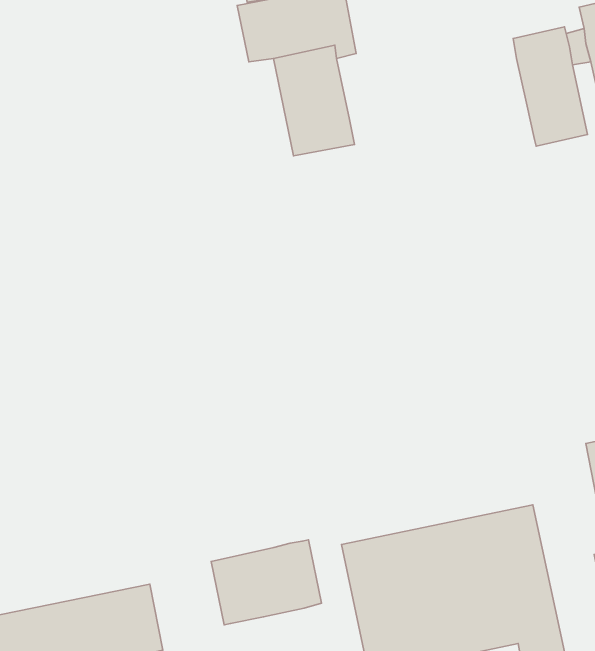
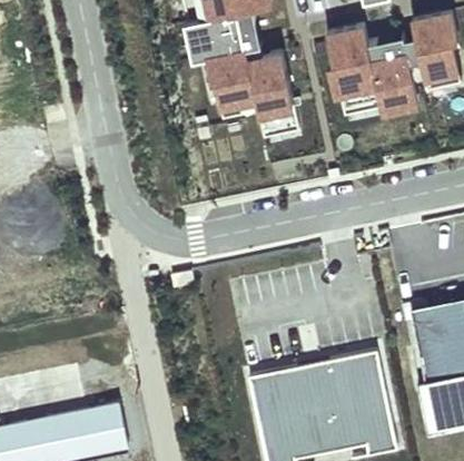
building: none -> [320,17,378,112]
building: none -> [245,42,296,136]
building: [211,540,322,625] -> none

